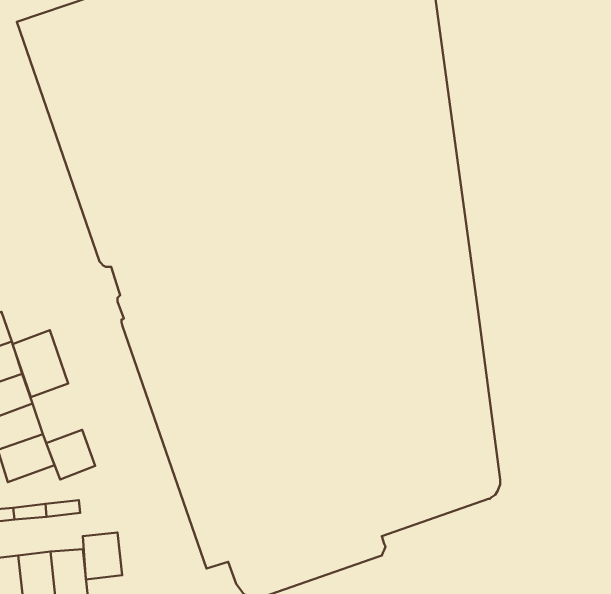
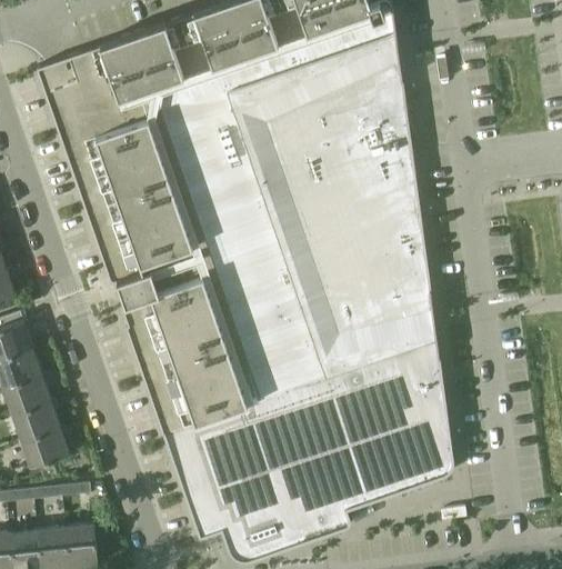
building: [13,330,68,397] -> none
building: [46,430,95,479] -> none
building: [83,533,122,579] -> none

